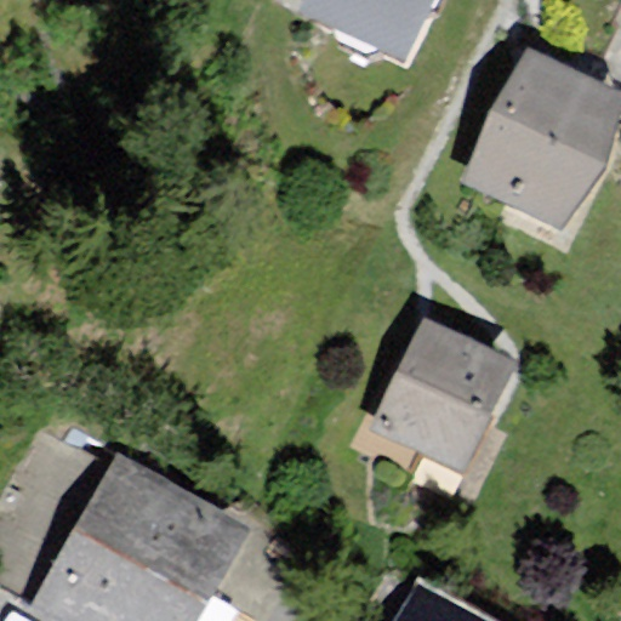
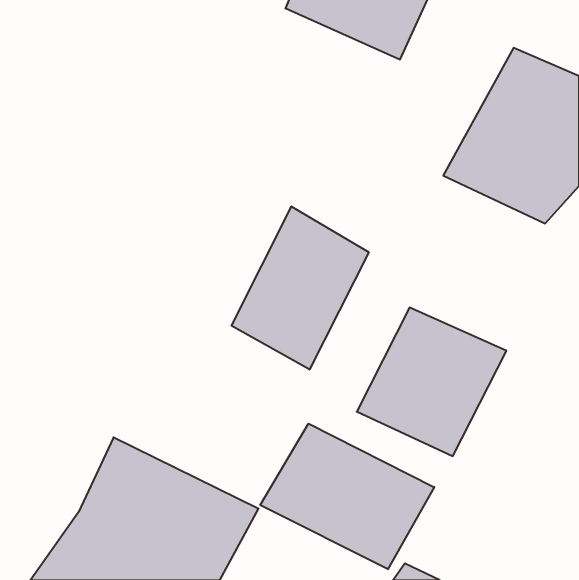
building: none -> [232,206,369,370]
building: none -> [260,424,434,569]

